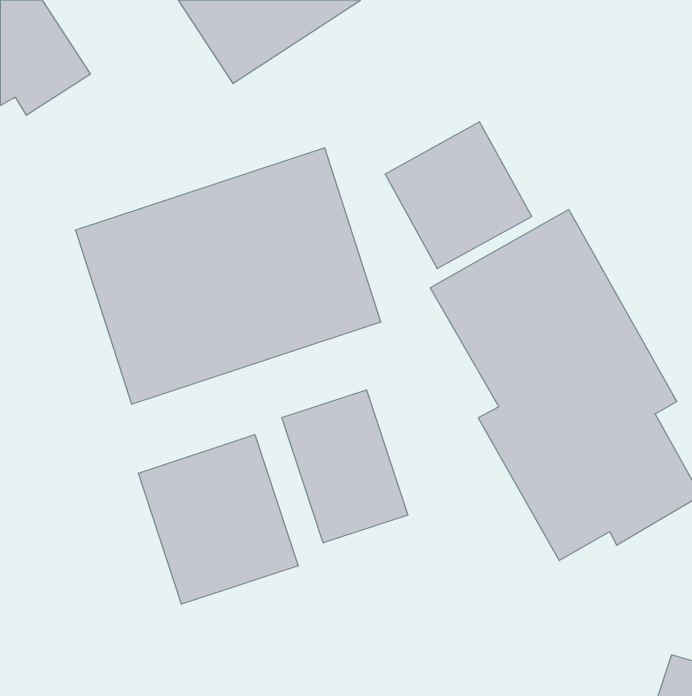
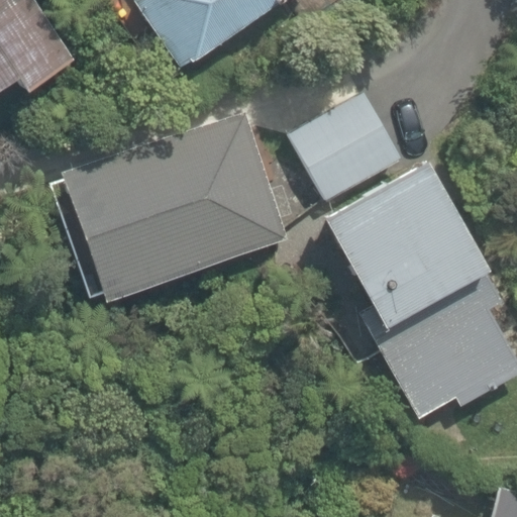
building: [282,390,408,543] -> none
building: [138,435,298,604] -> none

